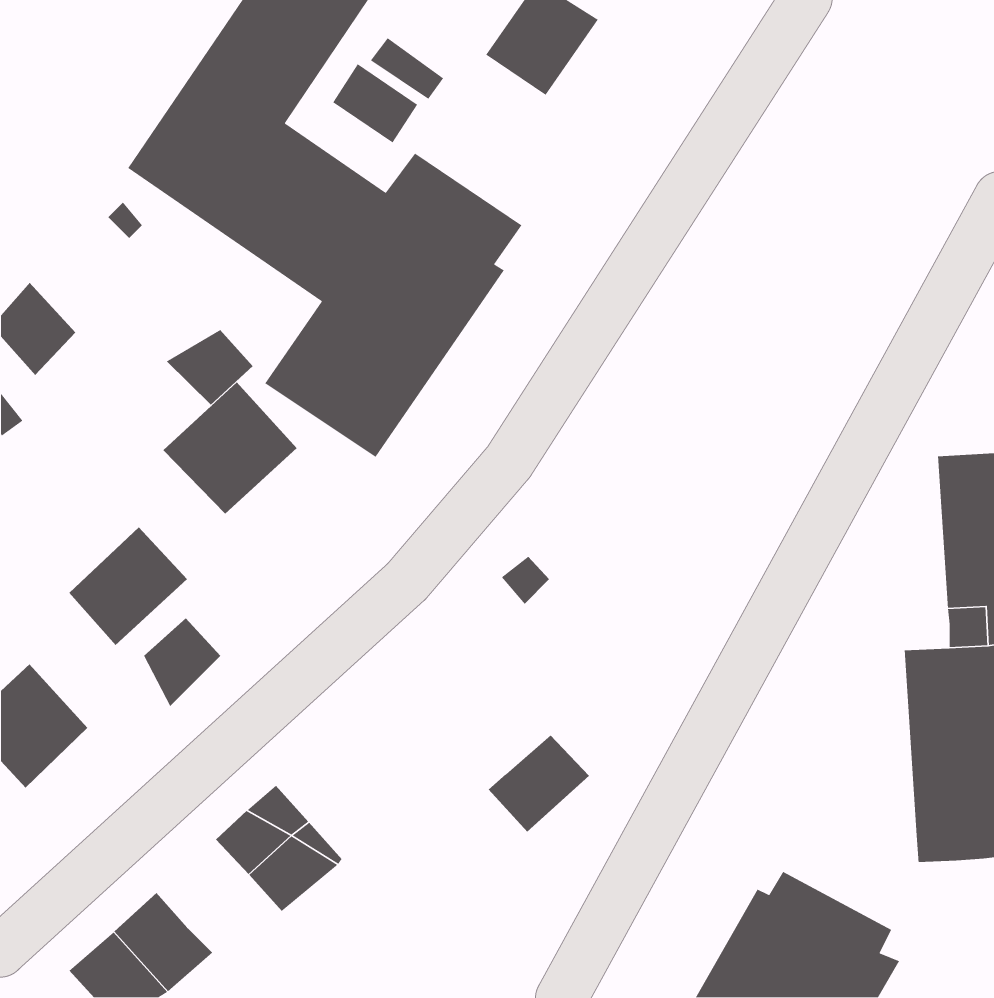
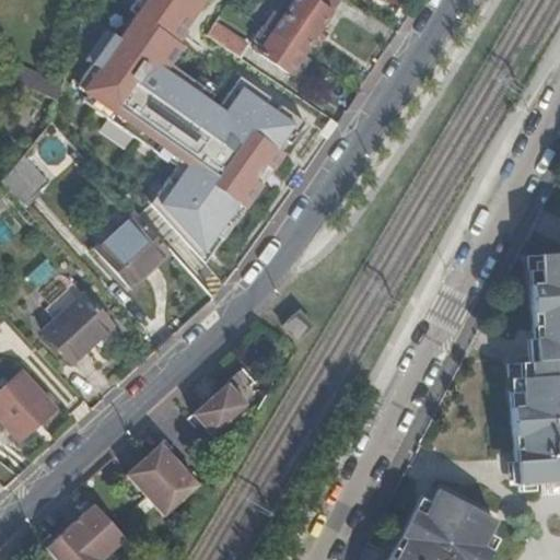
building: [332,63,418,143] -> [260,31,308,75]
building: [166,329,254,405] -> none
building: [143,617,221,707] -> none
building: [488,735,590,832] -> [189,378,246,433]

